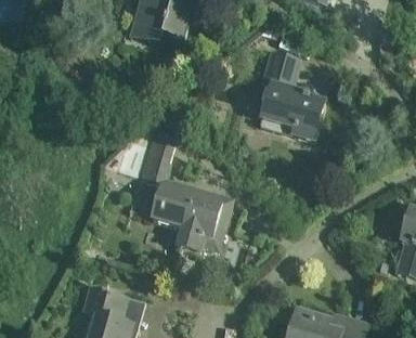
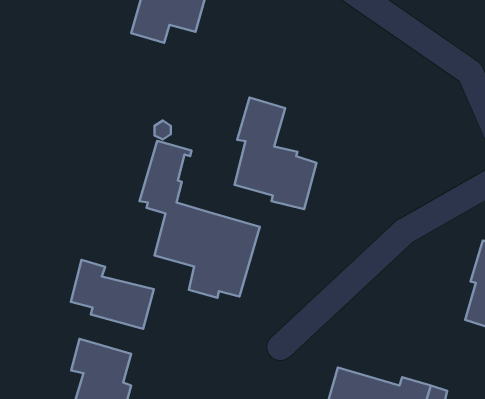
building: [258,49,323,138] -> [234,97,317,209]
building: none -> [71,260,154,329]

